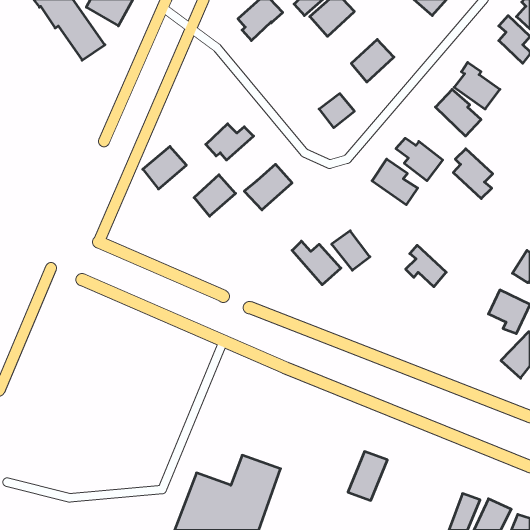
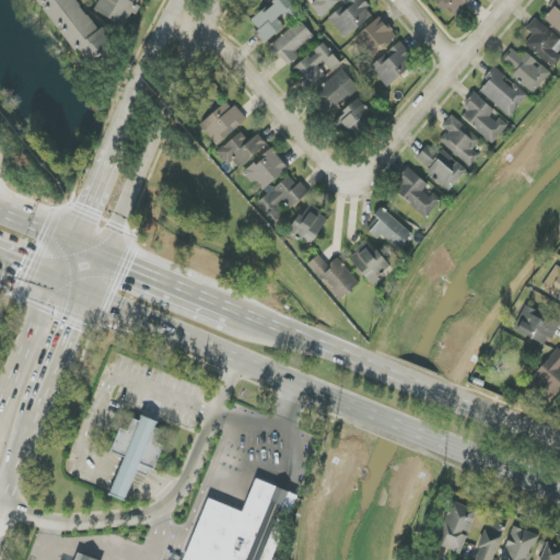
building: none -> [352,15,395,58]
building: none -> [269,20,313,66]
building: none -> [295,44,359,114]
building: none -> [502,48,550,93]
building: [143,146,186,189] -> [199,100,245,144]
building: [453,149,493,199] -> [439,114,480,166]
building: [194,175,236,216] -> [244,148,288,191]
building: none -> [290,203,327,243]
building: [406,245,446,287] -> [369,206,411,249]
building: none -> [109,415,163,501]
building: [348,452,387,500] -> [435,501,477,552]

